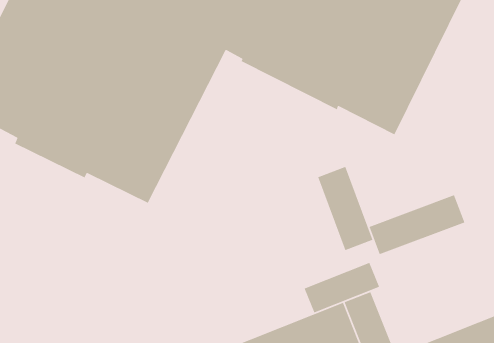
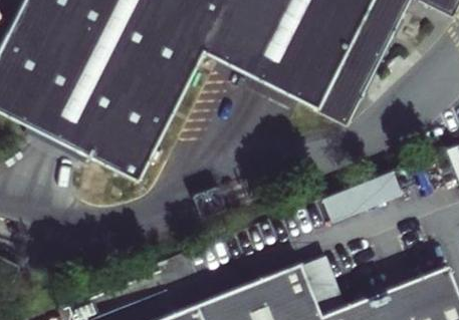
building: [317,166,374,251] -> none
building: [304,262,380,313] -> none

